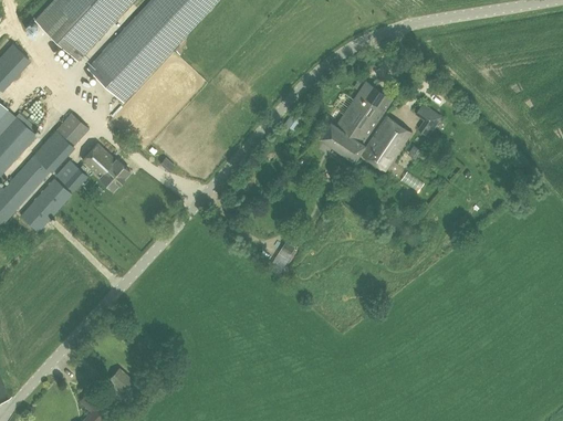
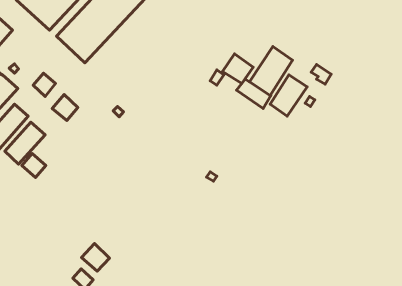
building: none -> [223,54,253,84]
building: [32,129,74,171] -> none
building: [98,158,128,189] -> none
building: [55,160,86,191] -> [22,153,46,177]
building: none -> [81,243,109,271]

